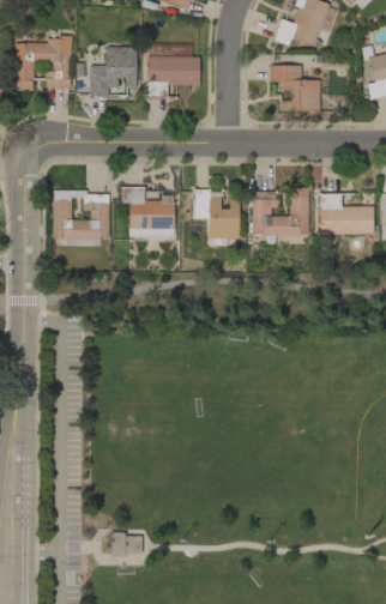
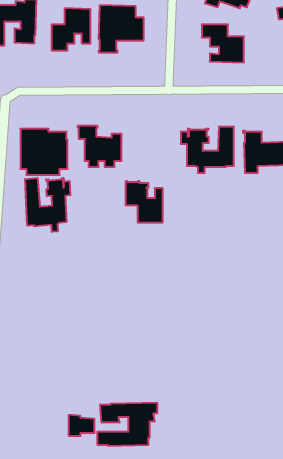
building: [194,189,239,238] -> [126,181,163,222]
building: none -> [25,178,70,232]
building: none -> [98,403,157,446]

